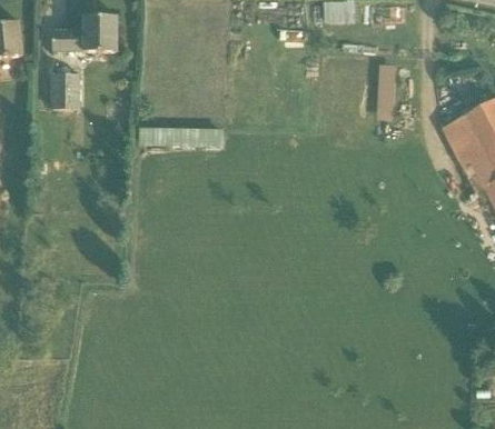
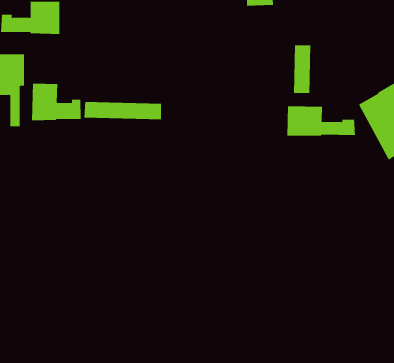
building: none -> [32,83,81,121]
building: none -> [287,105,355,136]

